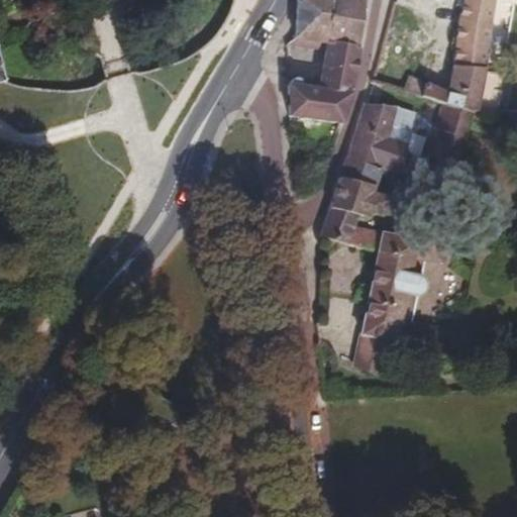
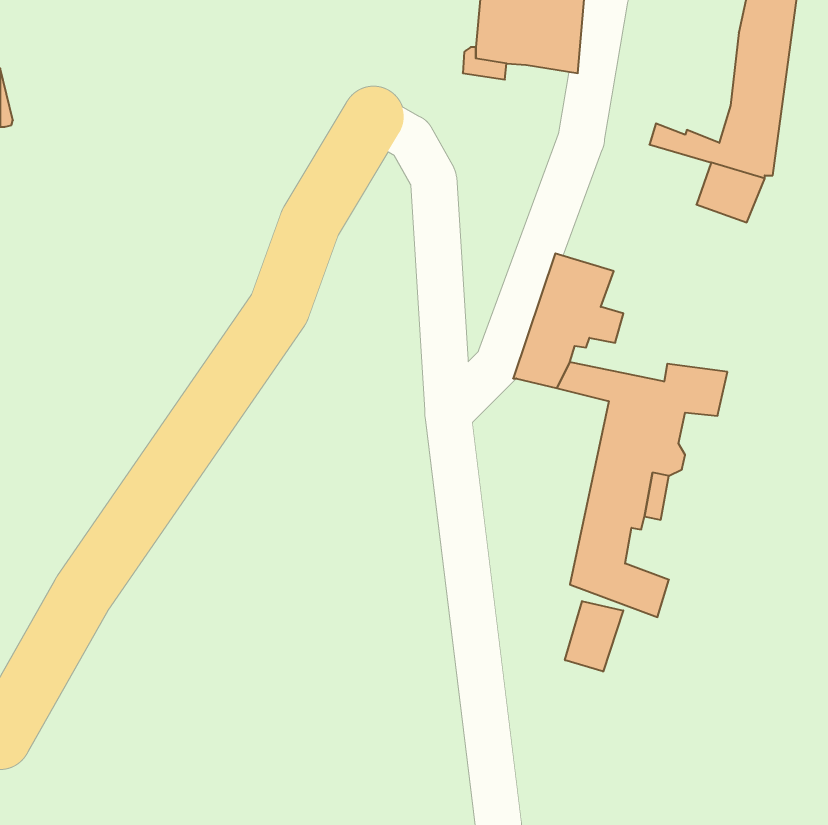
building: [290,40,360,120] -> none
building: [346,103,417,173] -> none
building: none -> [565,601,623,672]

